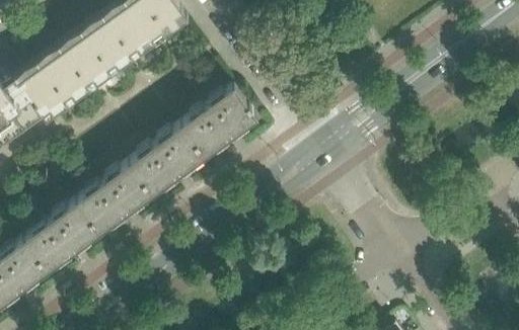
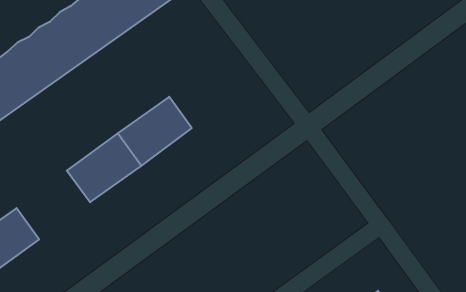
building: [180,84,257,155] -> none
building: [23,198,99,269] -> none

